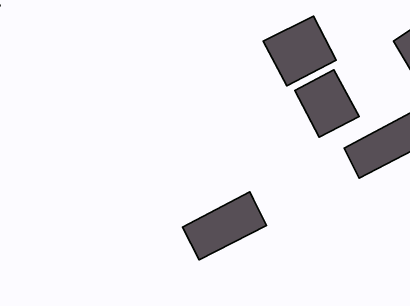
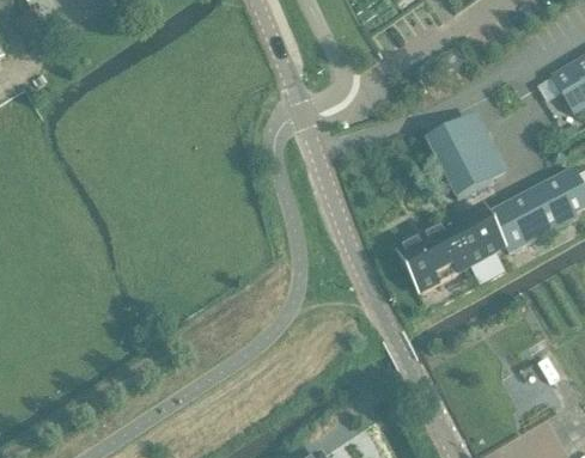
building: [263,16,336,86] -> none
building: [183,192,267,260] -> [397,202,505,289]

